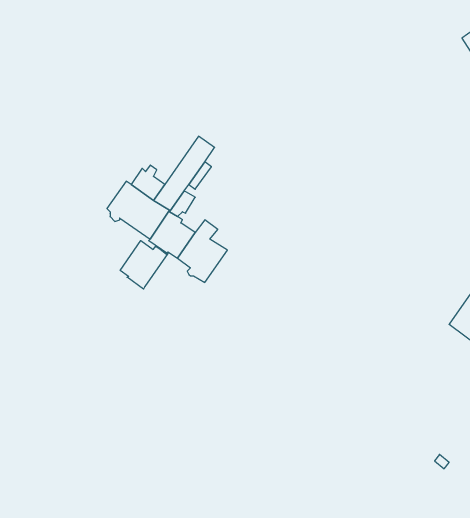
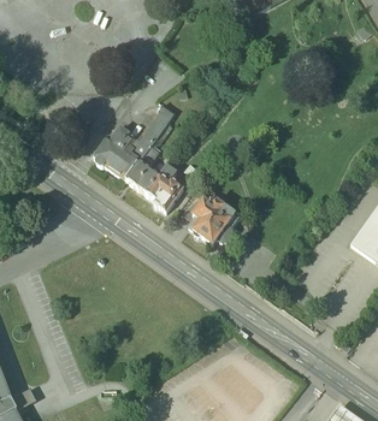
building: [120,241,168,289] -> none
building: none -> [189,200,240,245]

